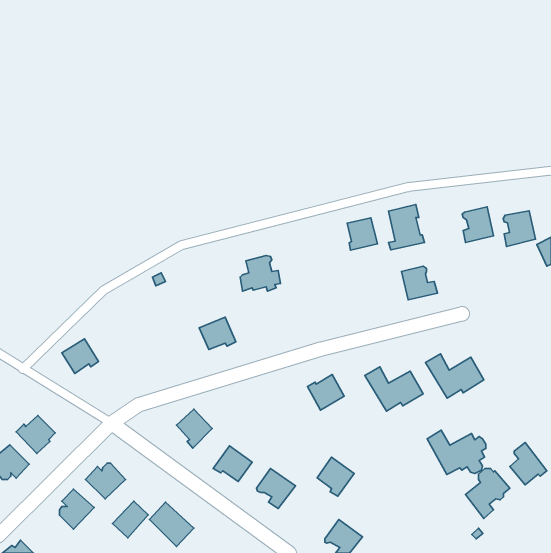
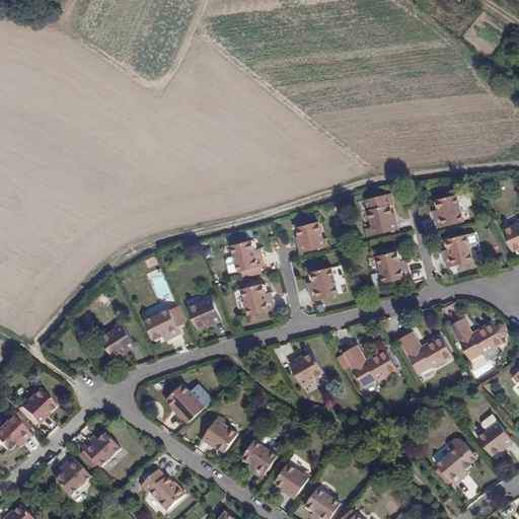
building: [503,211,536,247] -> [443,233,473,267]
building: [347,218,377,250] -> [295,221,323,251]
building: none -> [307,266,338,299]
building: none -> [240,283,274,314]
building: none -> [143,308,179,340]
building: [62,339,99,373] -> [99,324,134,357]
building: [427,430,486,474] -> [450,317,505,359]
building: [317,457,354,496] -> [274,462,308,499]
building: [112,501,148,538] -> none

